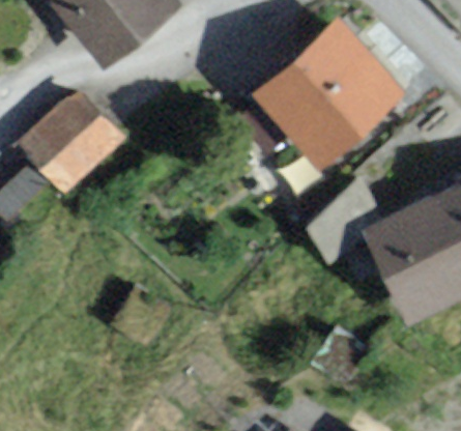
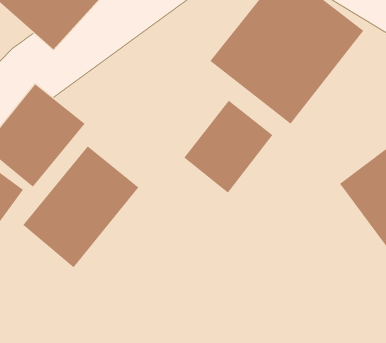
building: none -> [183,100,273,194]
building: none -> [22,145,139,268]

